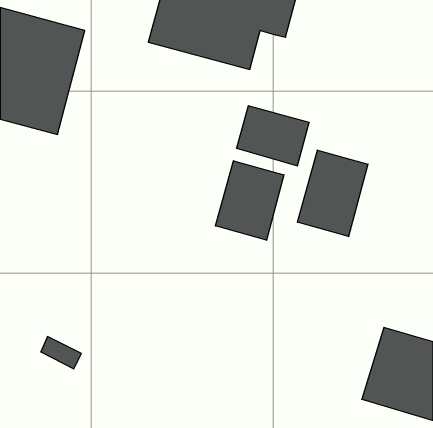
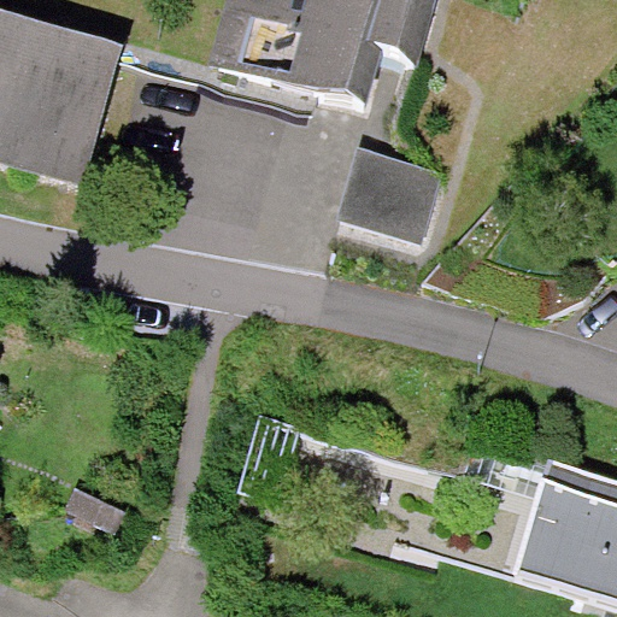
building: [297,150,368,237] -> none
building: [215,161,284,240] -> none

